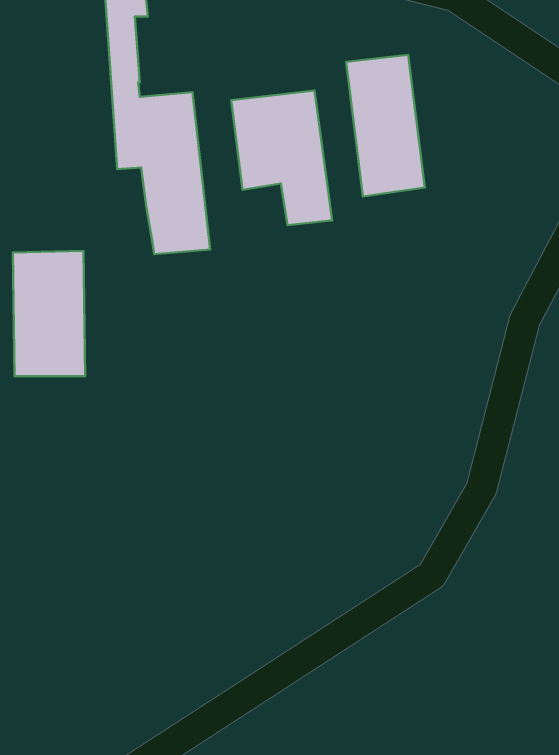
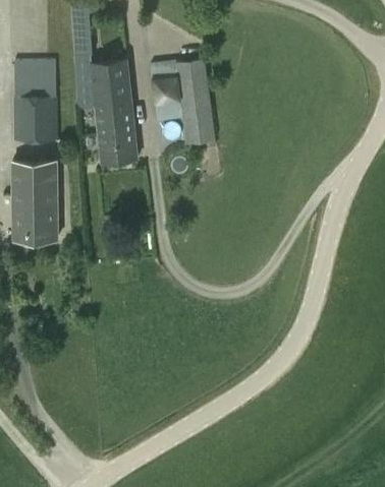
building: [346,55,425,196] -> none
building: none -> [15,63,56,142]

